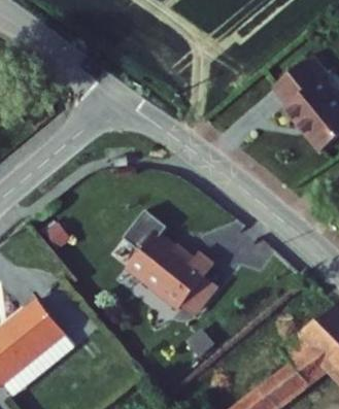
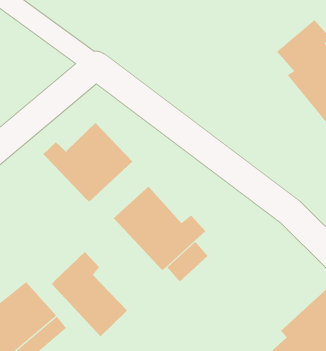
building: none -> [42,122,133,203]
building: none -> [51,251,128,337]

